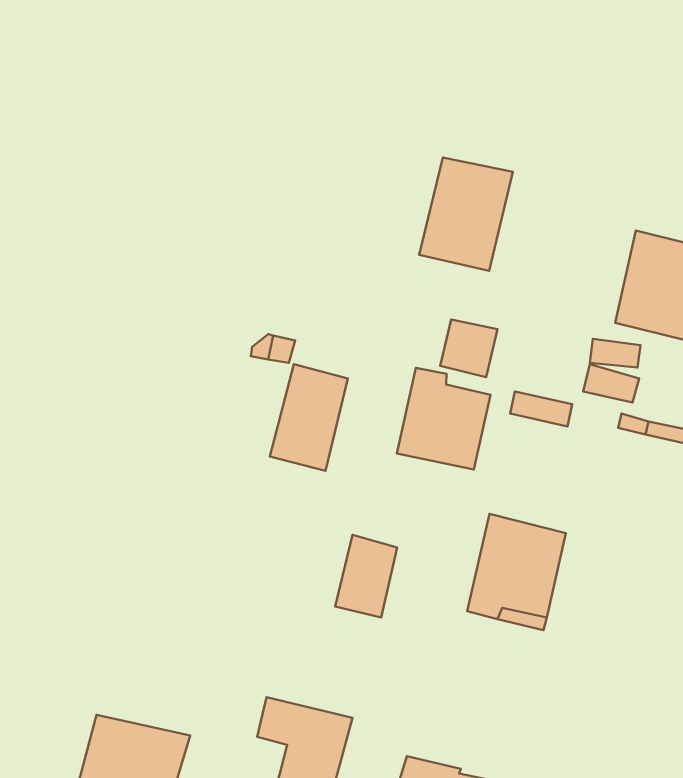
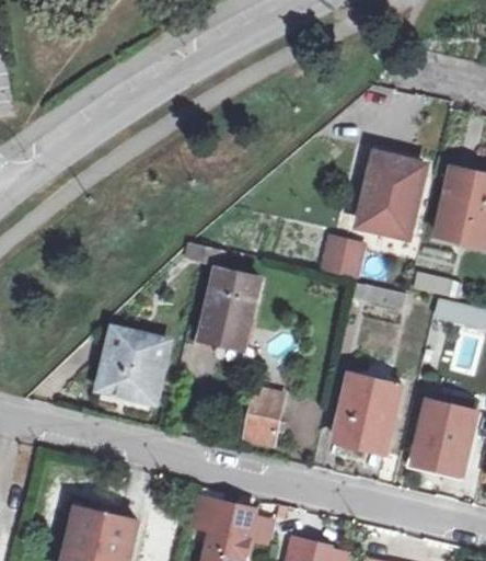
building: [419,158,513,271] -> [360,156,425,233]
building: [397,368,490,469] -> none
building: none -> [99,328,164,401]
building: none -> [413,401,475,471]

